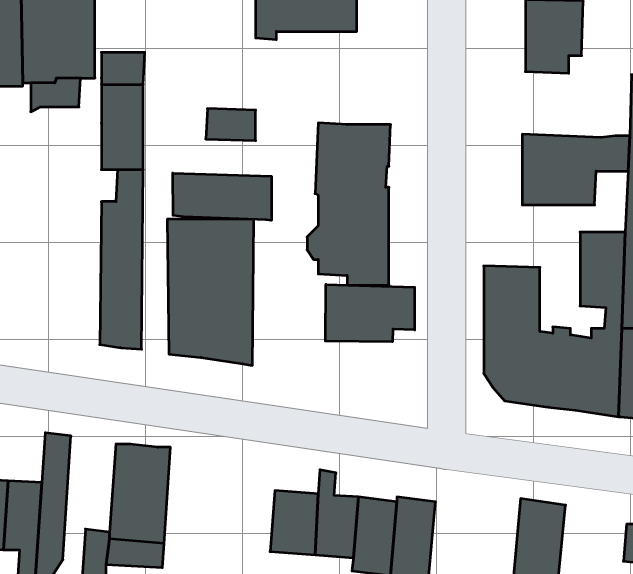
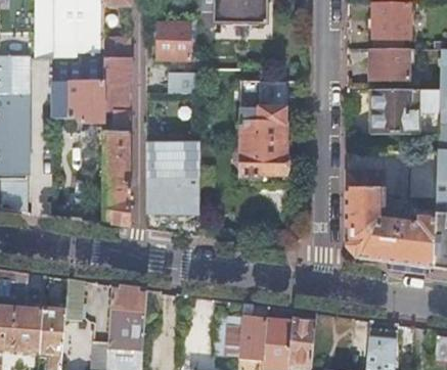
building: none -> [158,20,202,58]
building: none -> [370,48,421,80]
building: none -> [53,74,103,123]
building: [173,173,271,220] -> none
building: [325,284,415,342] -> none

